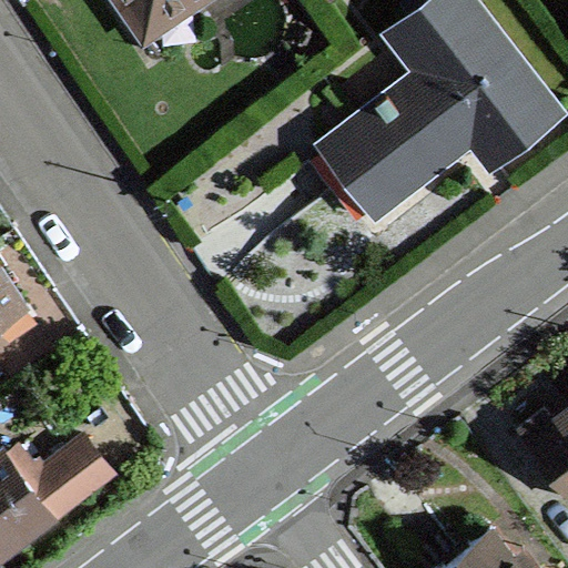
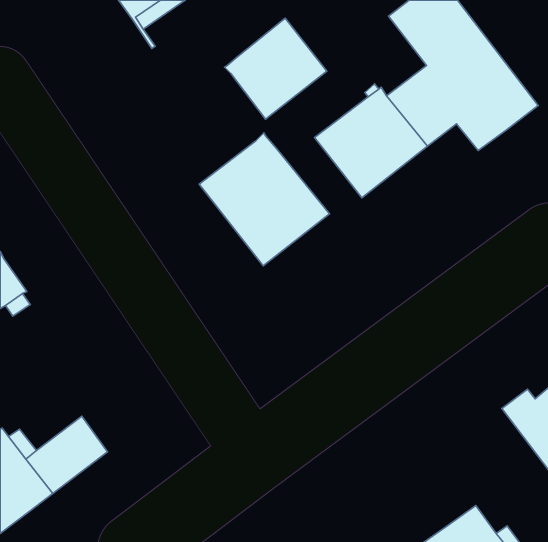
building: none -> [225,18,327,119]
building: none -> [199,133,329,266]

